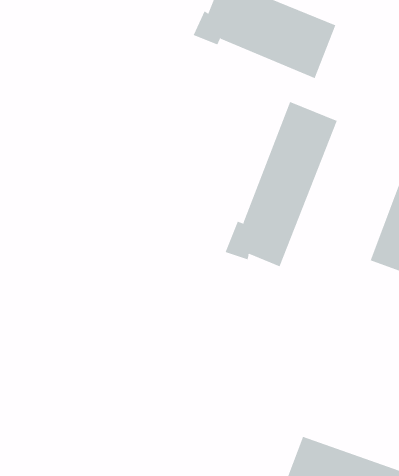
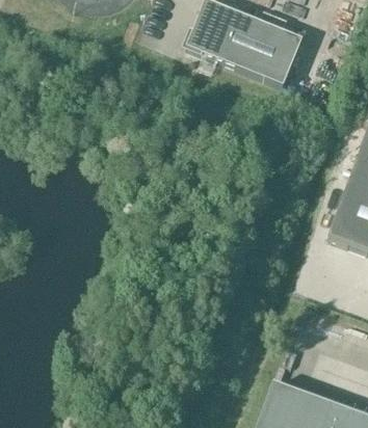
building: [225,101,337,267] -> none

